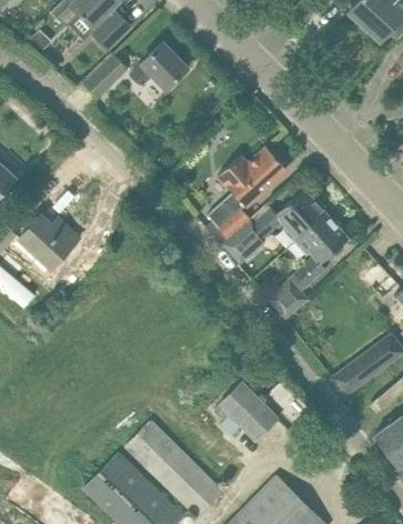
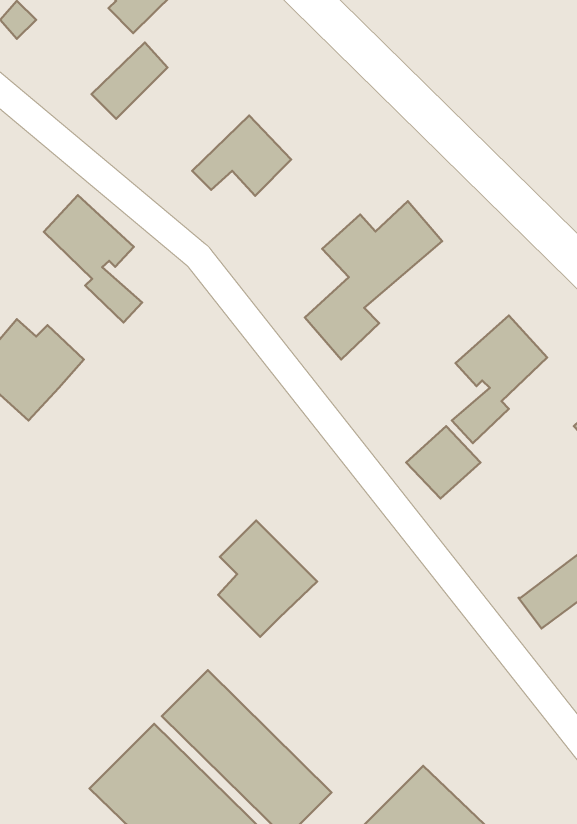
building: [130,42,188,89] -> [192,116,291,196]
building: none -> [44,195,142,322]
building: [223,189,326,263] -> none
building: [220,383,278,451] -> [218,521,317,637]

